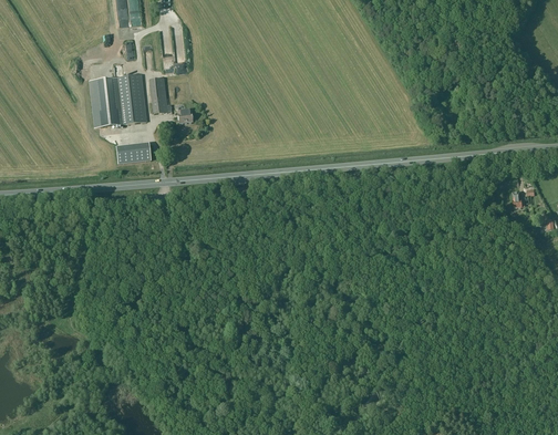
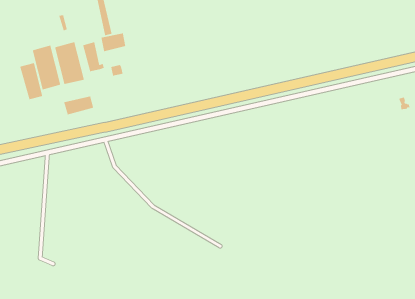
building: none -> [100,32,126,52]
building: none -> [19,62,43,100]

